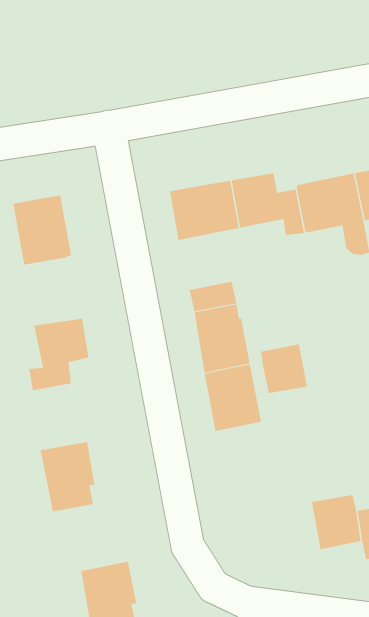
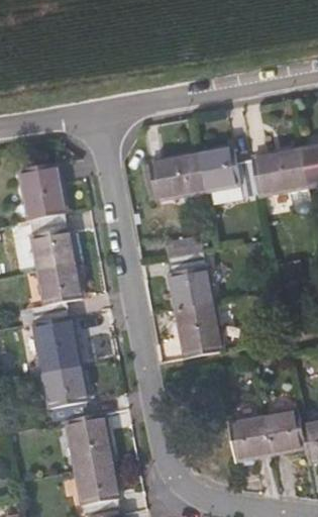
building: none -> [28,215,77,271]
building: [260,344,307,394] -> none
building: none -> [32,318,81,373]
building: none -> [65,413,114,472]
building: none -> [229,415,271,460]

